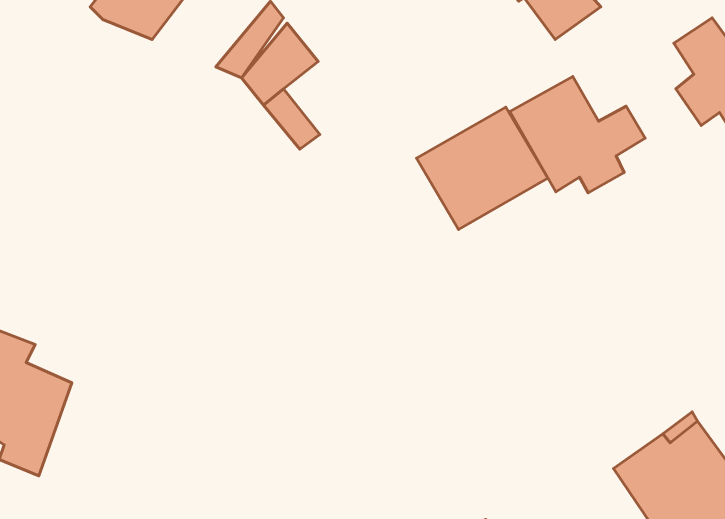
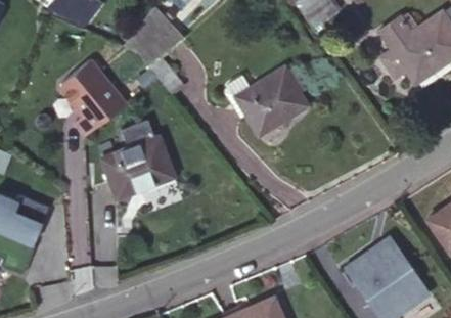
building: [510,76,645,193] -> none
building: none -> [62,57,126,135]
building: none -> [101,118,175,197]

